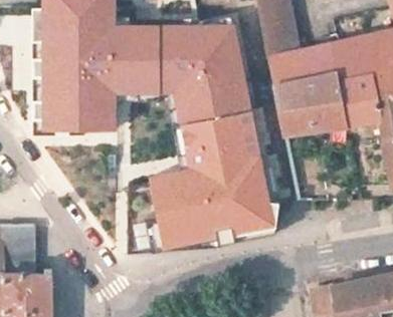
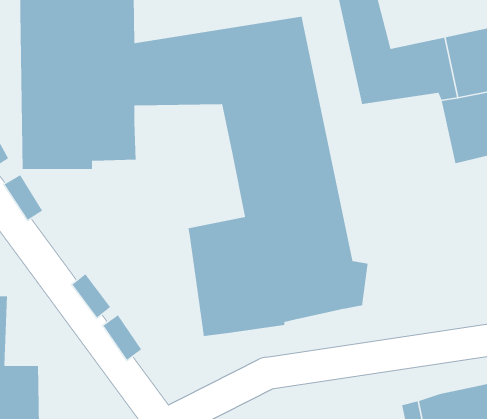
building: [273,75,340,136] -> none

